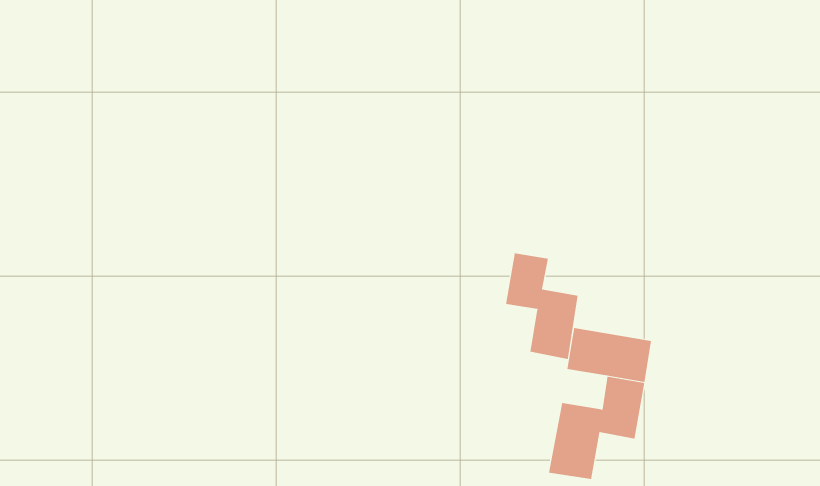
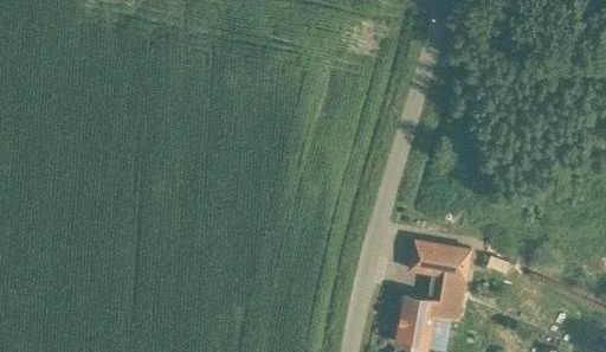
building: [506,252,578,360] -> none

